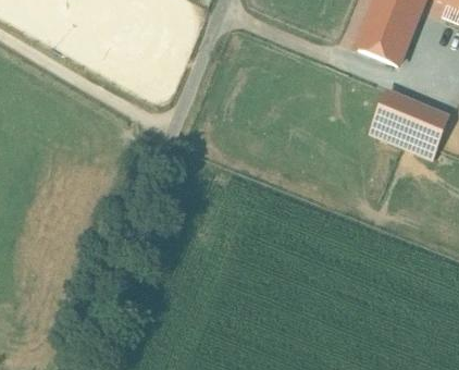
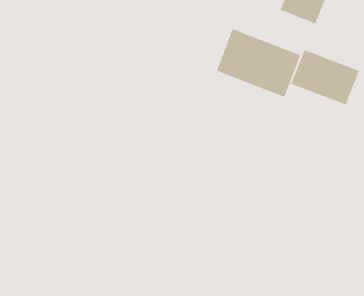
building: none -> [216,28,301,98]

